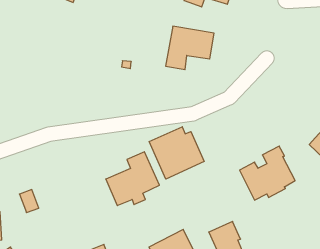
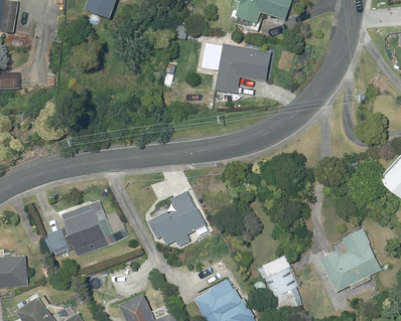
building: [149,127,204,179] -> none
building: [240,146,295,200] -> [317,230,381,292]
building: none -> [61,208,111,258]

